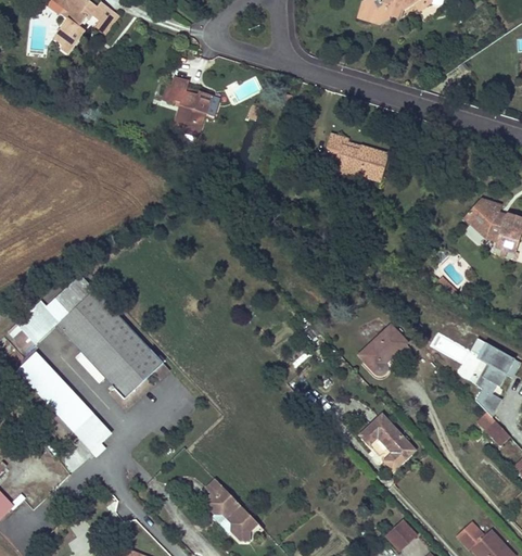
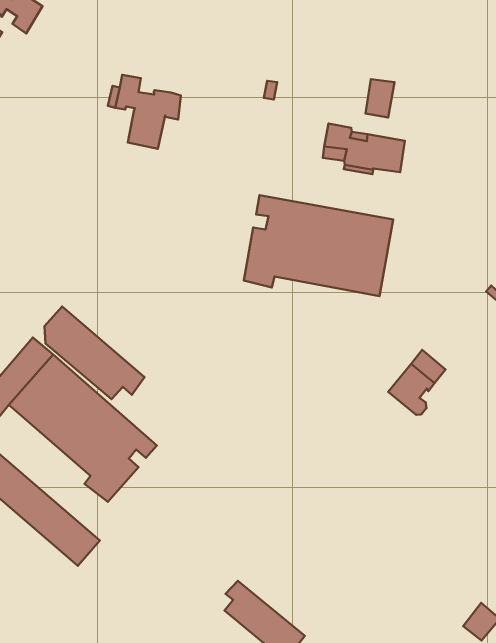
building: none -> [366,79,394,117]
building: none -> [244,195,393,296]
building: none -> [44,306,145,399]
building: [359,414,415,471] -> none

